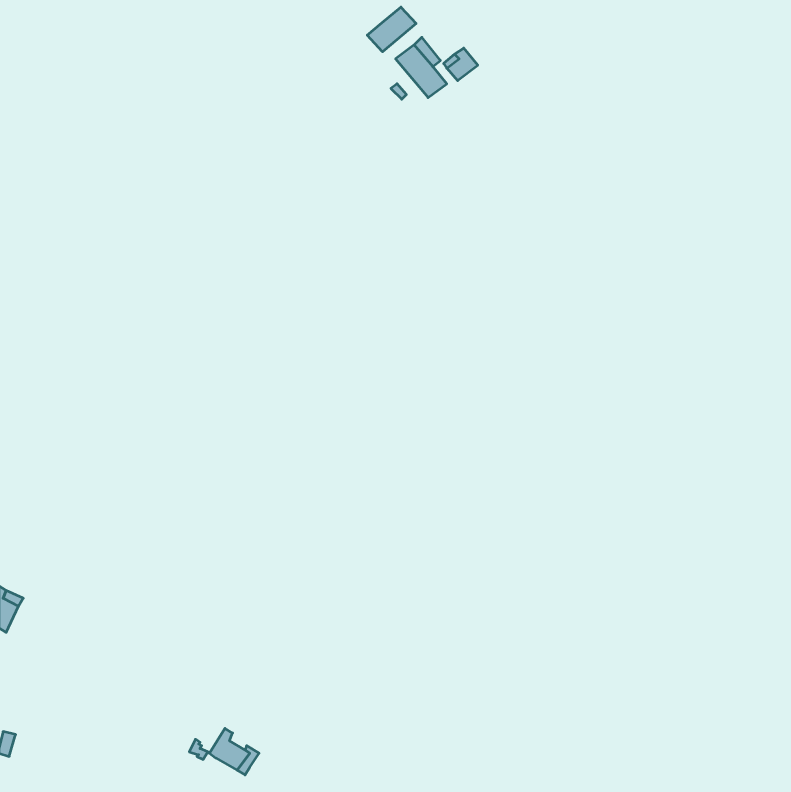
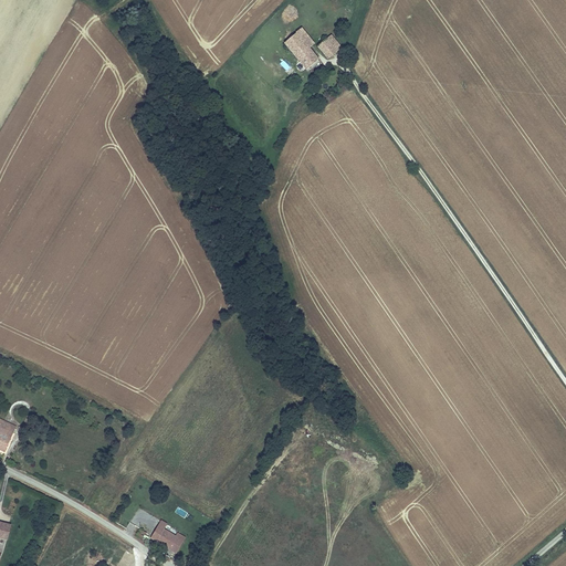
building: [367,7,416,52] -> none

